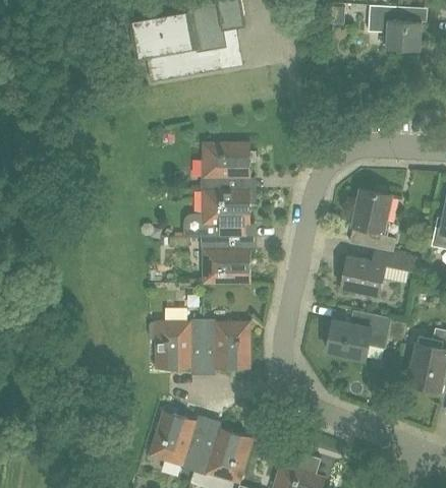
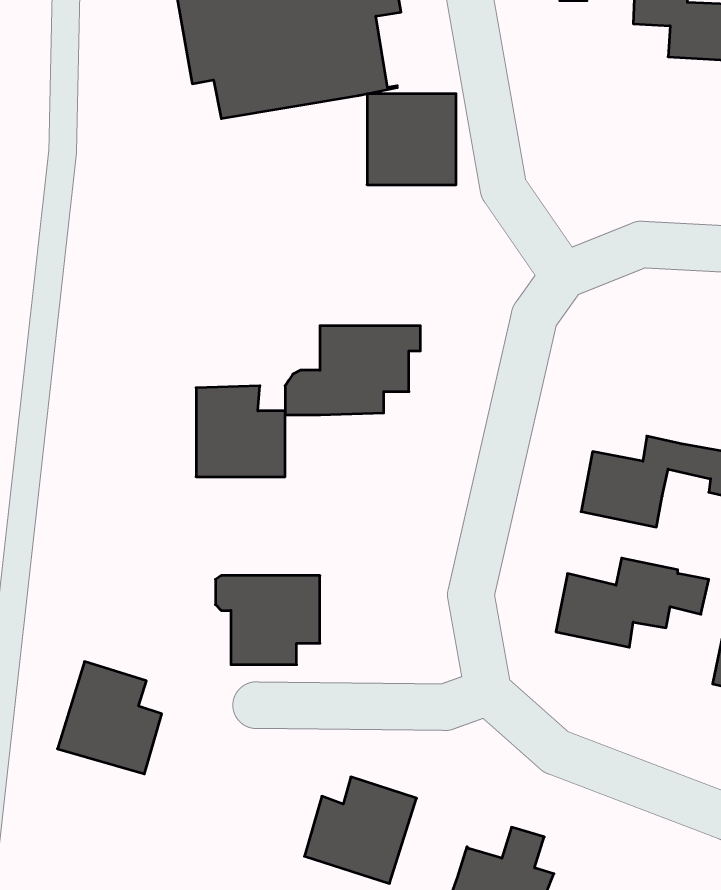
building: [203,142,249,190] -> [367,94,456,185]
building: [349,189,396,252] -> none
building: [203,236,249,284] -> [196,386,285,477]
building: [203,321,249,368] -> none
building: [149,410,204,469] -> [57,662,162,774]

